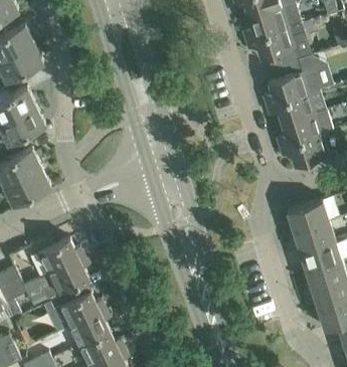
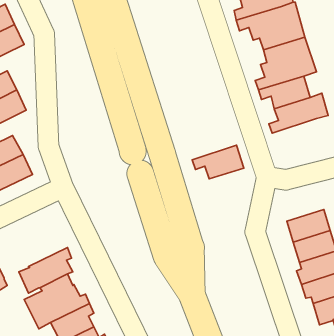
building: [280,133,329,165] -> [192,145,244,179]
building: [288,199,329,230] -> none
building: [38,238,84,273] -> none

